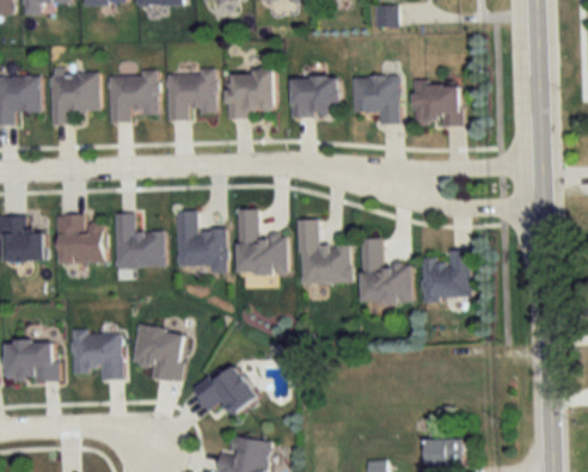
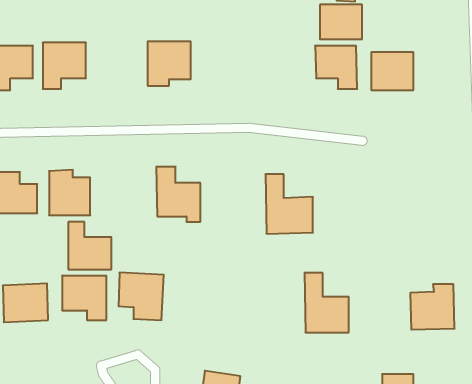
building: [227,72,274,116] -> none
building: [108,73,157,122] -> none
building: [290,78,337,116] -> [320,5,362,39]
building: [237,209,284,274] -> none
building: [115,214,163,266] -> [68,222,111,269]
building: [360,238,409,304] -> [304,273,349,332]
building: [421,249,470,299] -> [410,284,455,330]
building: [195,363,258,415] -> none

